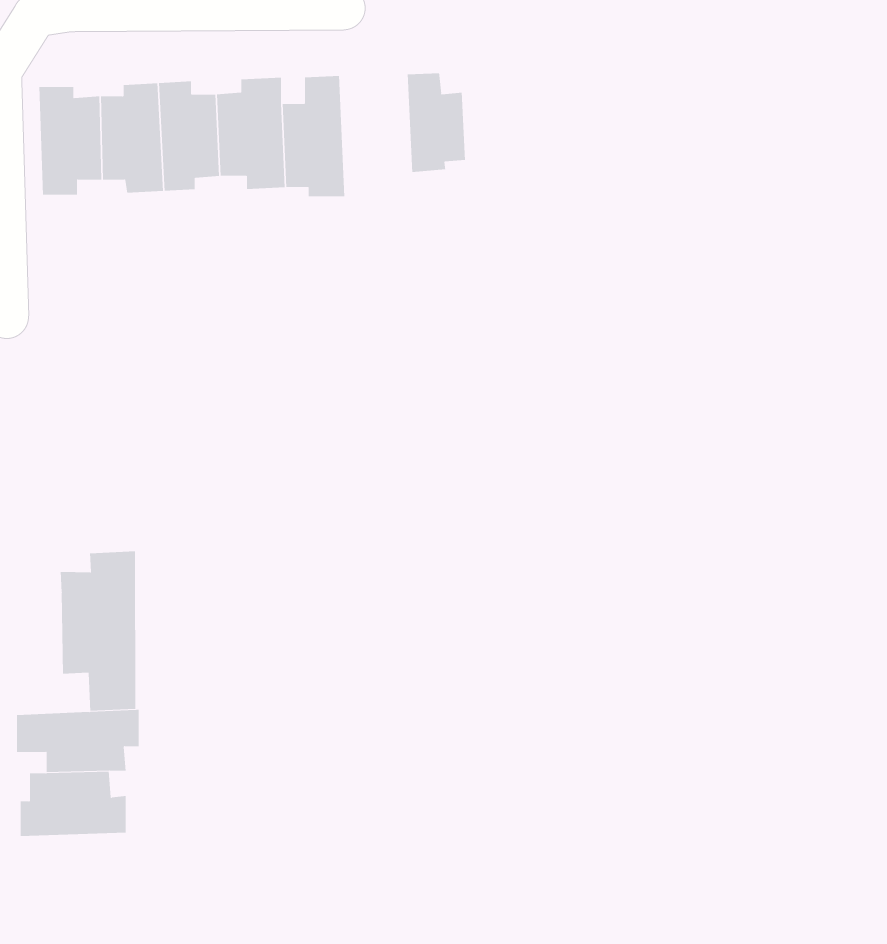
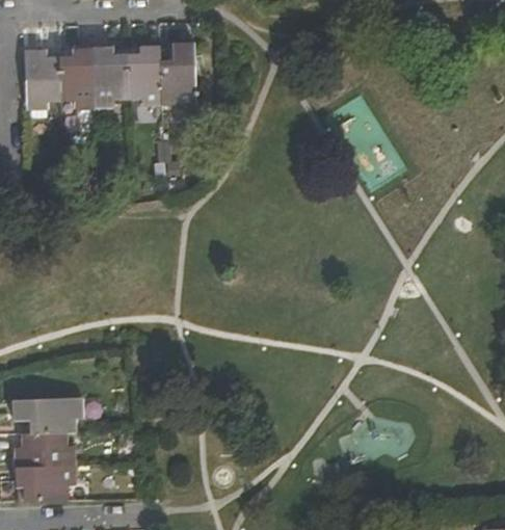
building: [407,73,465,173] -> none
building: [60,551,136,712] -> none
building: none -> [15,463,75,500]

